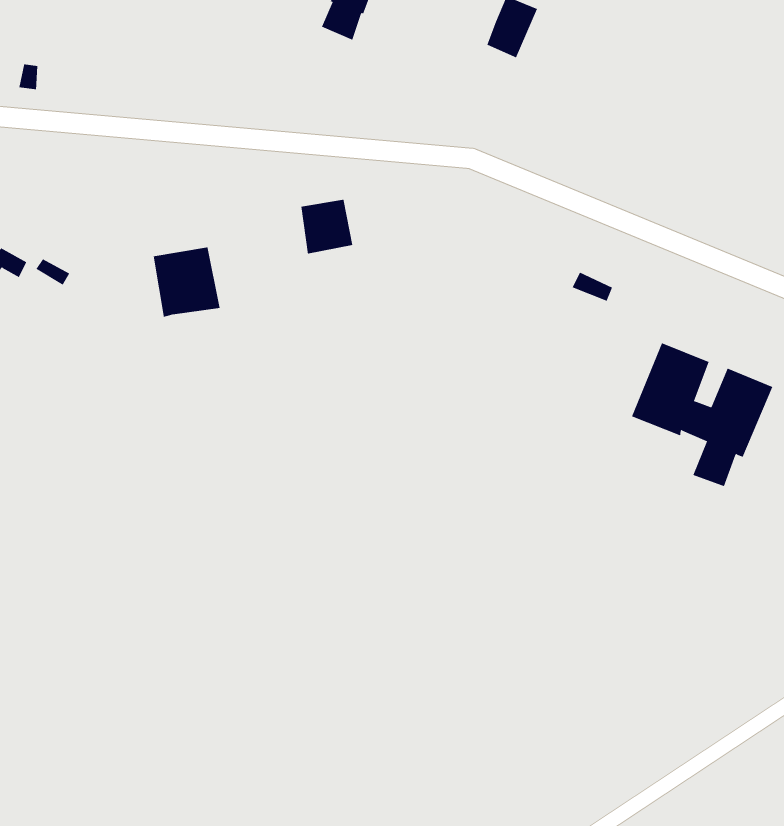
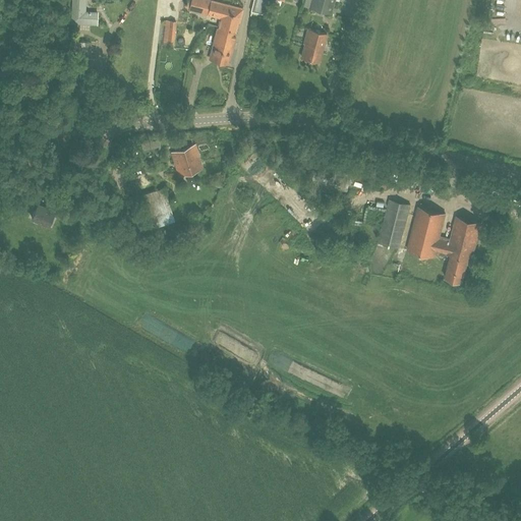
building: [300,199,353,254] -> [171,146,202,178]
building: none -> [378,200,409,248]

